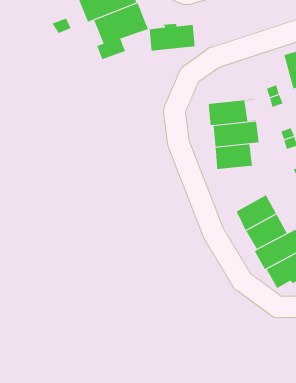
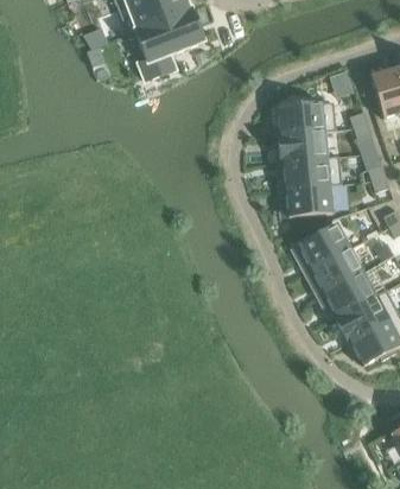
building: [149,23,196,51] -> [277,100,335,134]
building: none -> [297,223,349,268]

